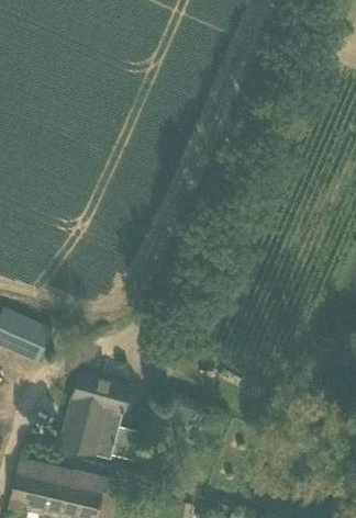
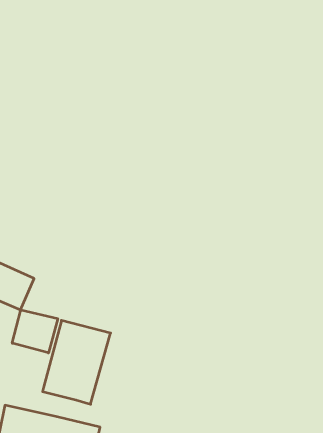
building: none -> [12,310,58,353]

